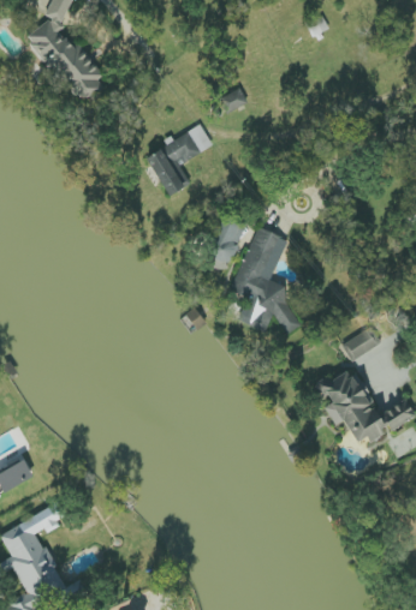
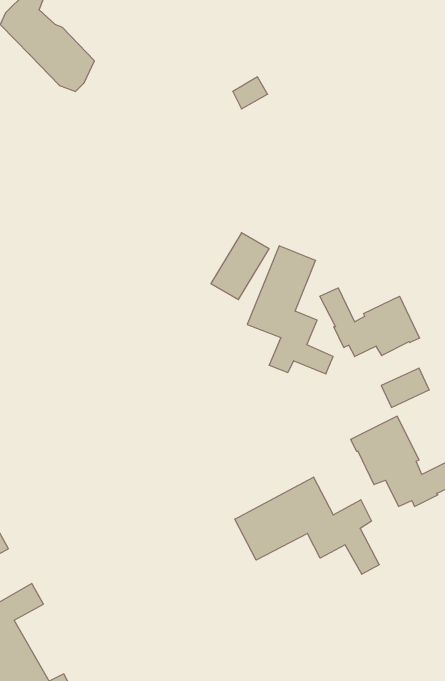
building: [145,131,202,196] -> none
building: none -> [320,288,420,357]
building: none -> [235,477,379,574]

